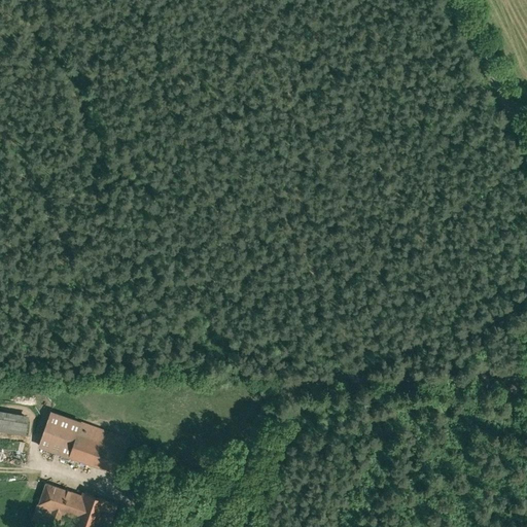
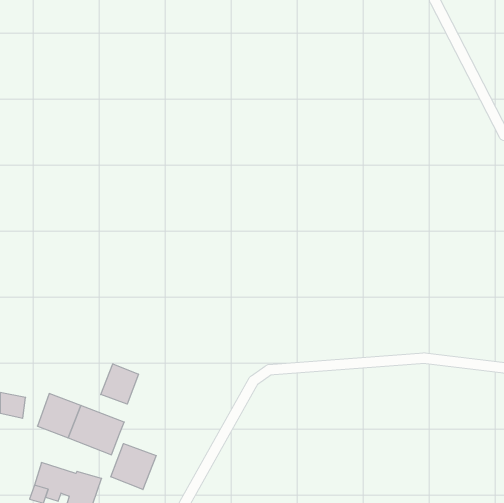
building: none -> [101,364,138,404]
building: none -> [111,444,156,490]

